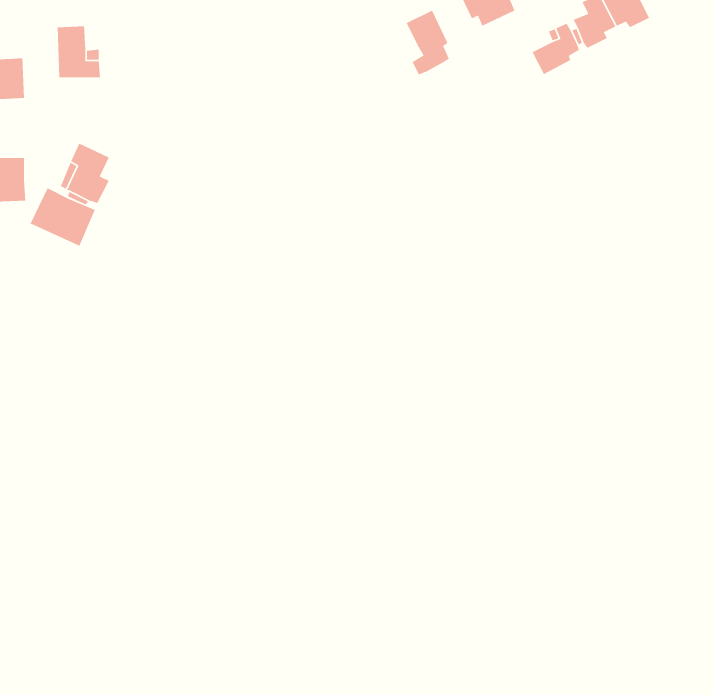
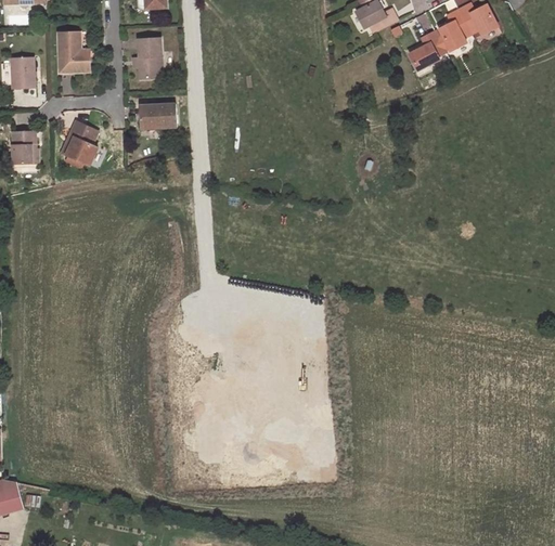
building: [406,9,450,76] -> none
building: none -> [138,38,163,78]
building: none -> [140,103,176,128]
building: [30,187,96,247] -> none

